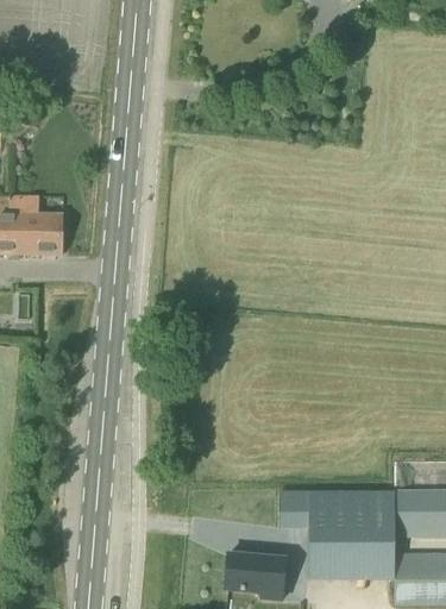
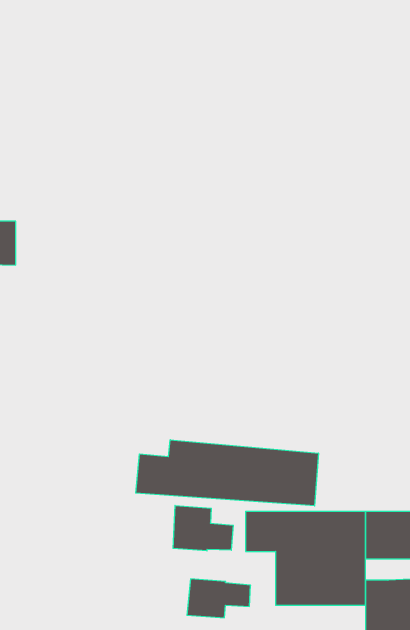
building: none -> [136,440,318,506]
building: none -> [173,505,233,551]

